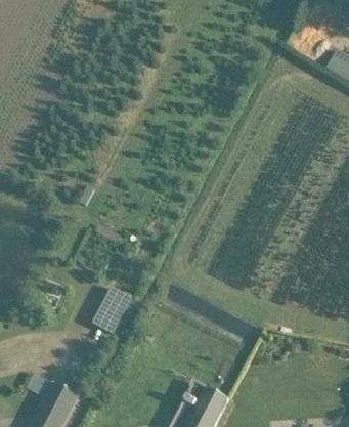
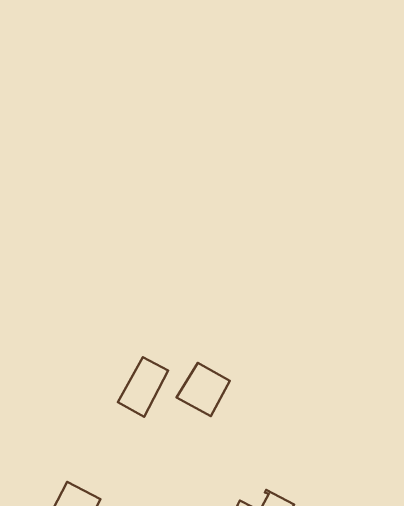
building: none -> [177,363,230,416]

